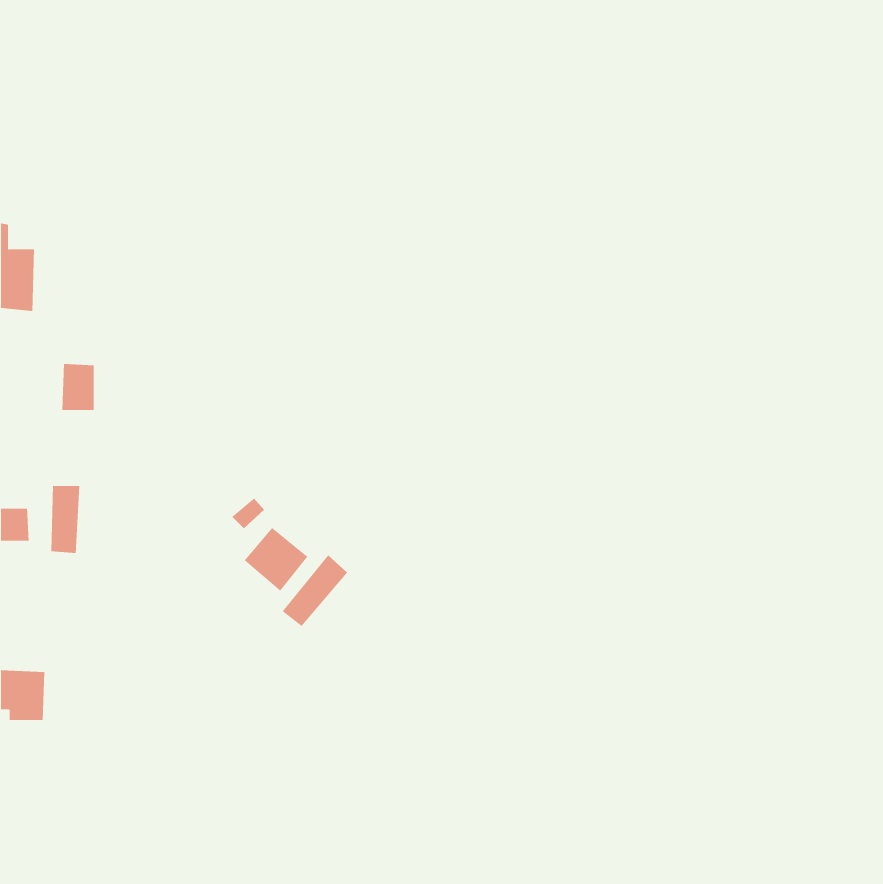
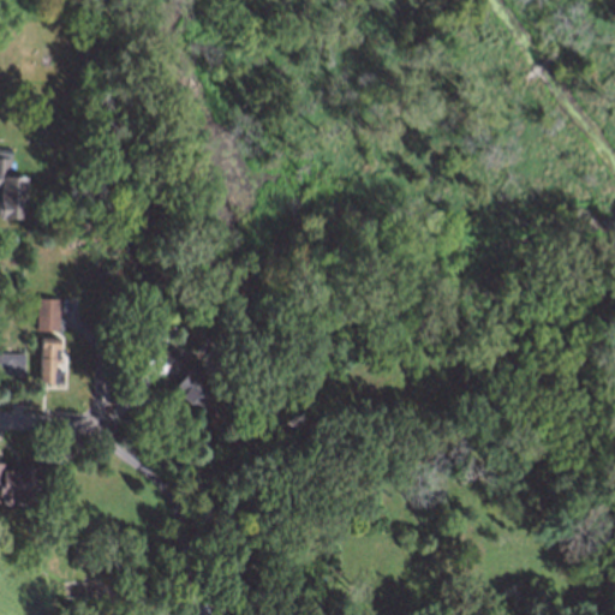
building: [62,364,95,411] -> [36,299,59,332]
building: [282,555,348,627] -> none

